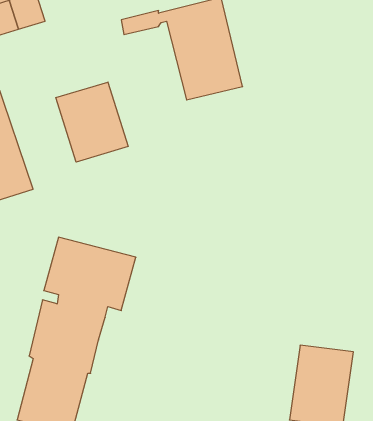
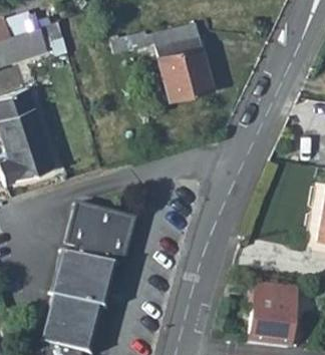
building: [56,82,128,162] -> none

